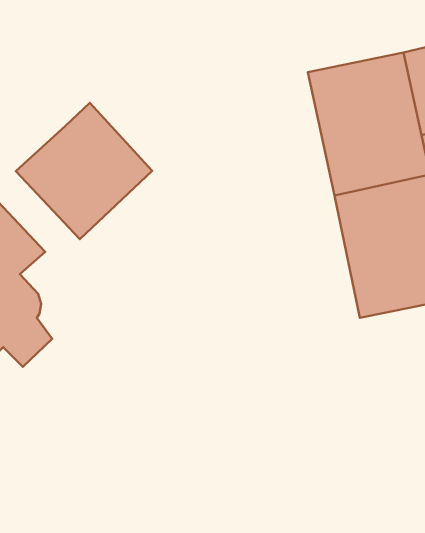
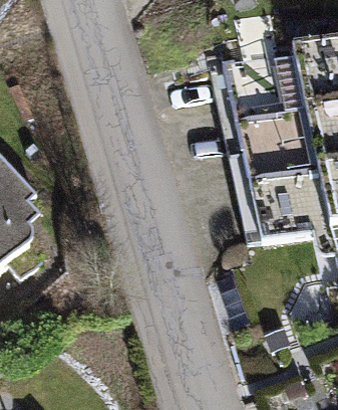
building: [16,103,152,239] -> none

